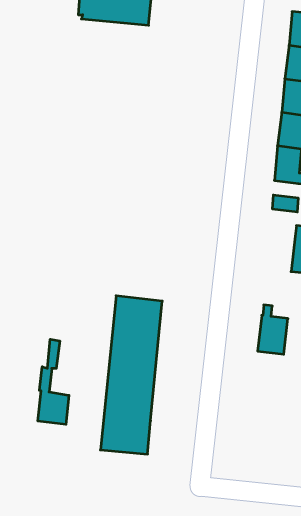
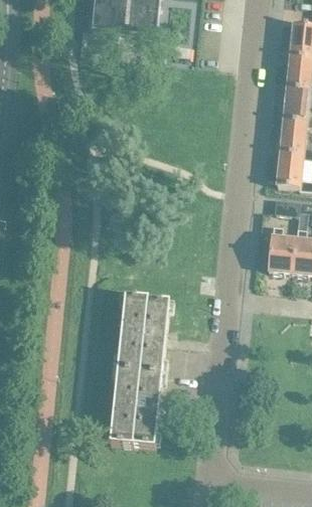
building: [258,305,288,354] -> [267,223,296,271]
building: [38,339,69,424] -> none

